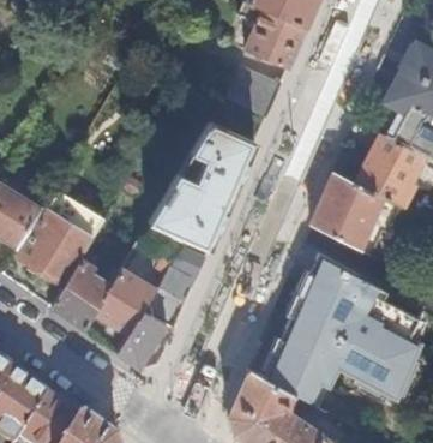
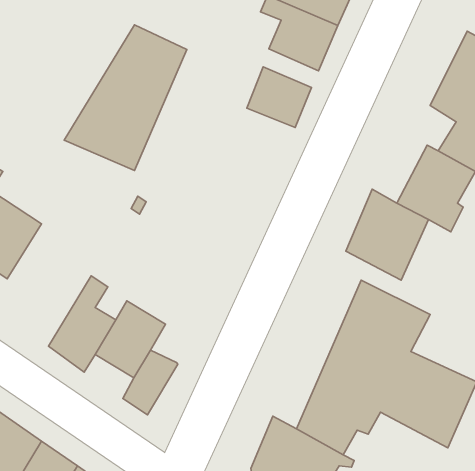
building: [149,121,255,249] -> [64,25,187,171]
building: [19,196,103,286] -> none
building: [142,249,205,322] -> none

